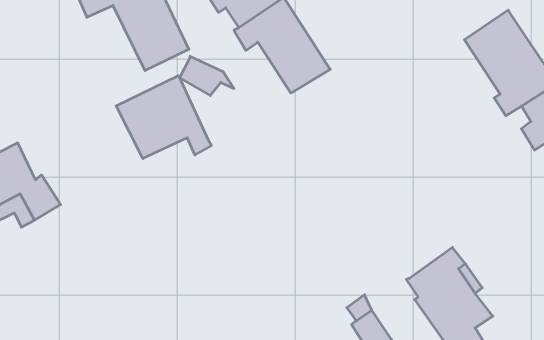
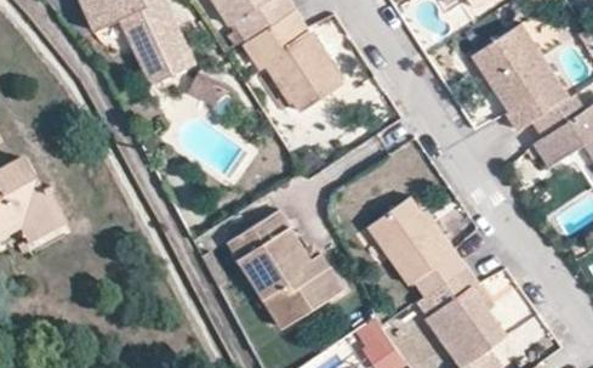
building: [116,76,211,159] -> none
building: none -> [365,194,466,298]
building: none -> [228,209,341,328]

